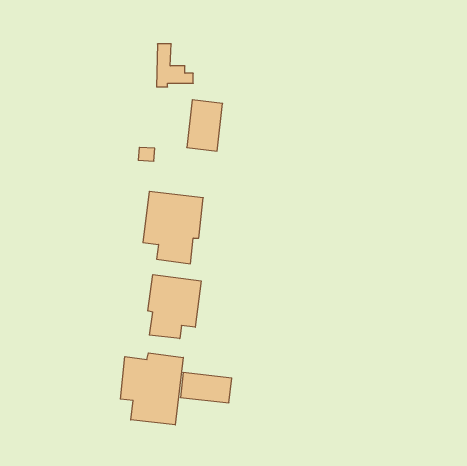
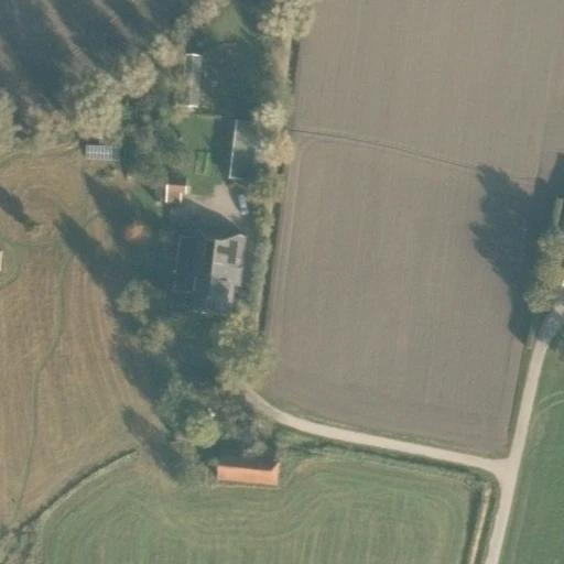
building: [148,275,201,339] -> none
building: [120,353,183,425] -> none

